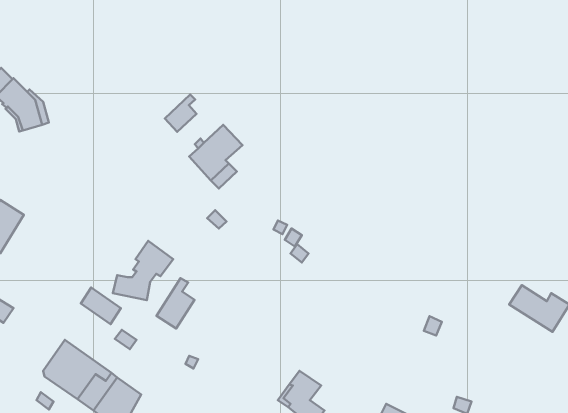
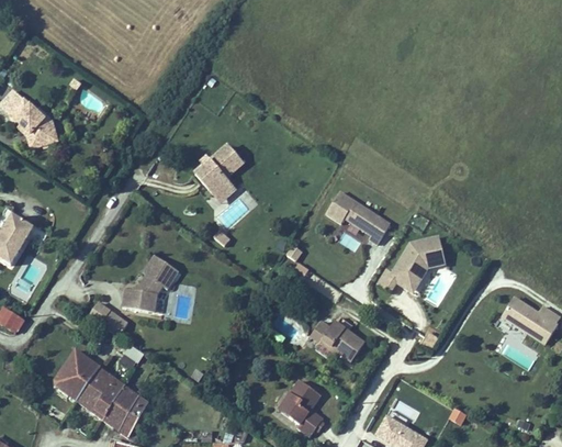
building: [165,95,197,132] -> none
building: none -> [325,190,390,243]
building: none -> [376,235,446,294]
building: [156,278,194,328] -> none
building: none -> [308,319,363,360]

